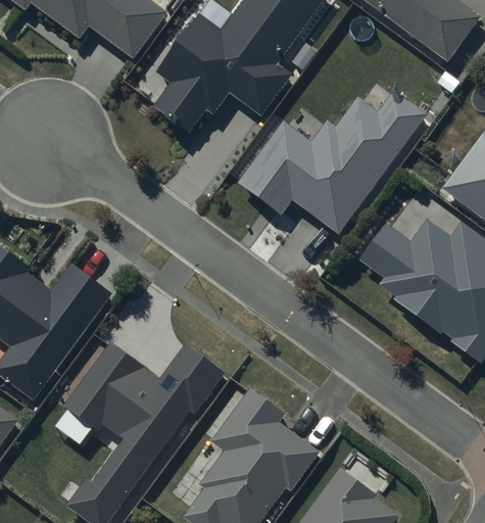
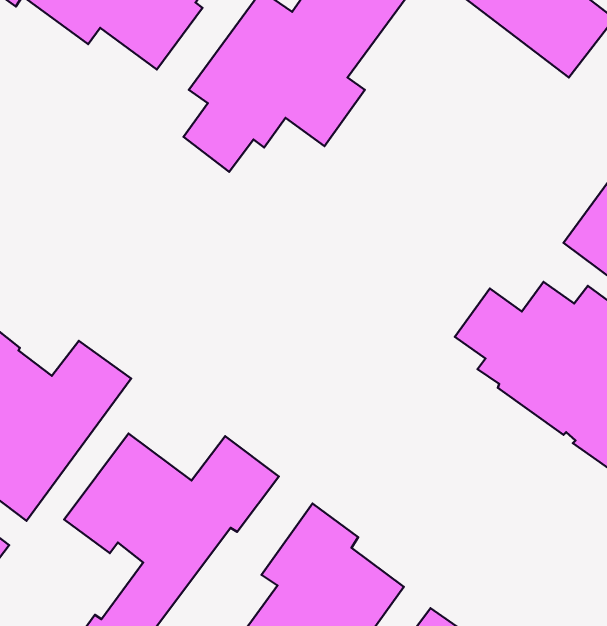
building: [238,93,426,236] -> none

